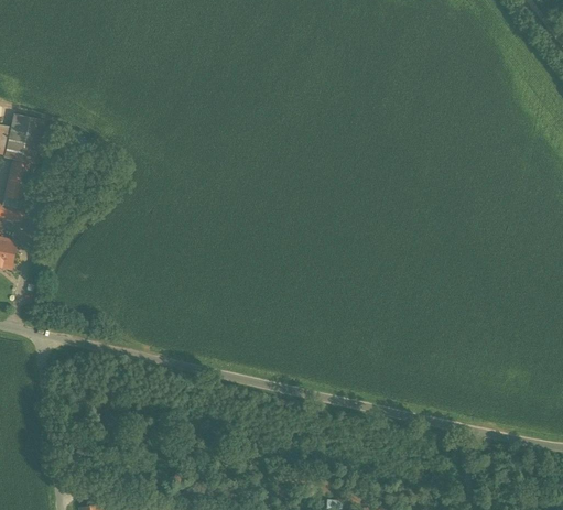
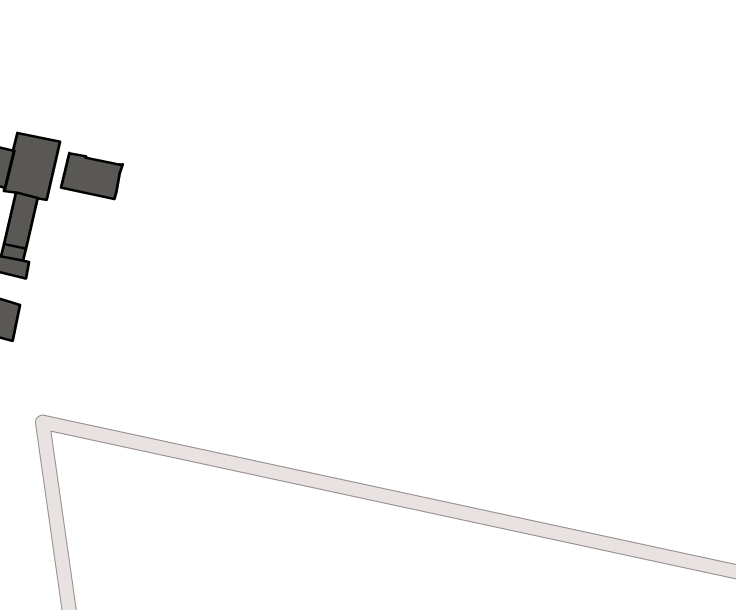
building: none -> [61,153,123,199]

